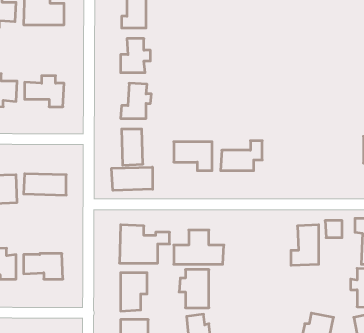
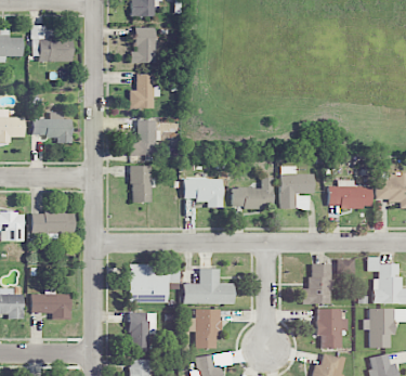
building: none -> [279,166,313,208]
building: none -> [327,180,370,207]
building: [112,167,153,190] -> none
building: none -> [316,308,348,348]

